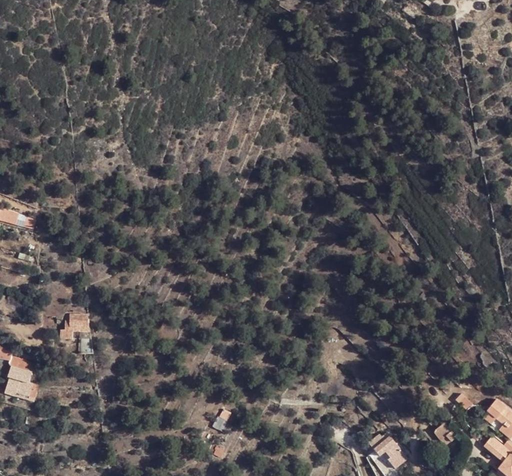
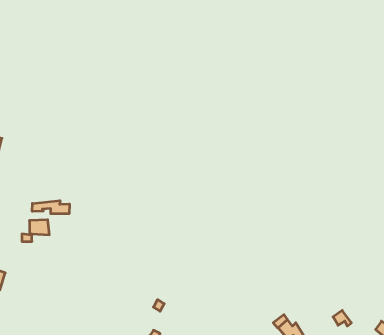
building: none -> [32,201,69,214]

